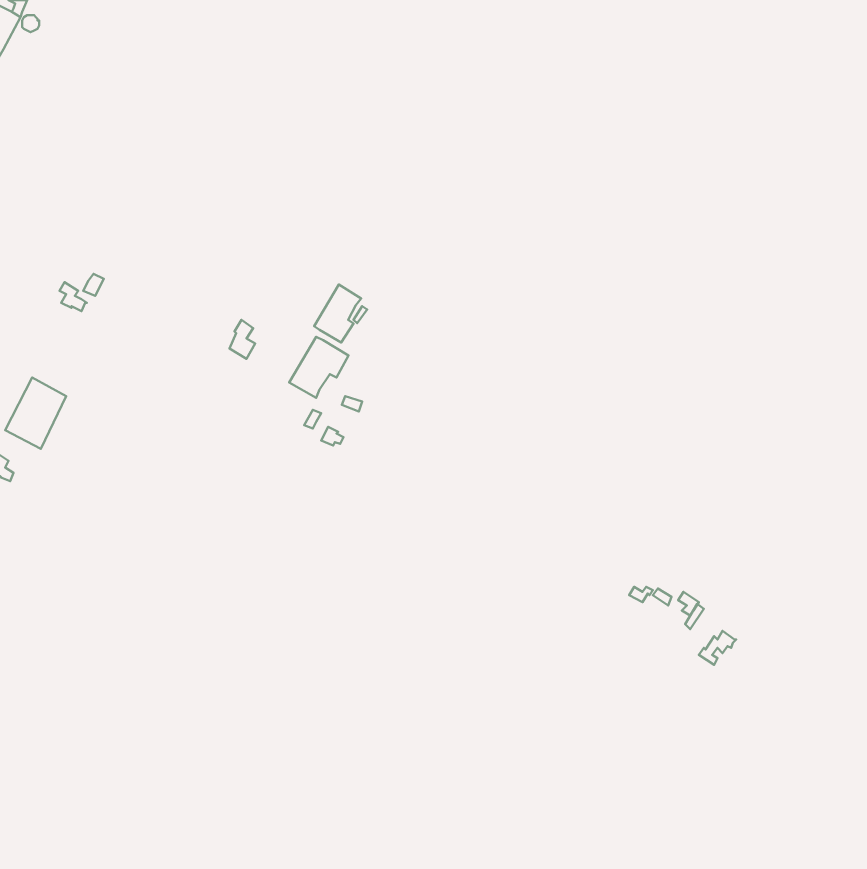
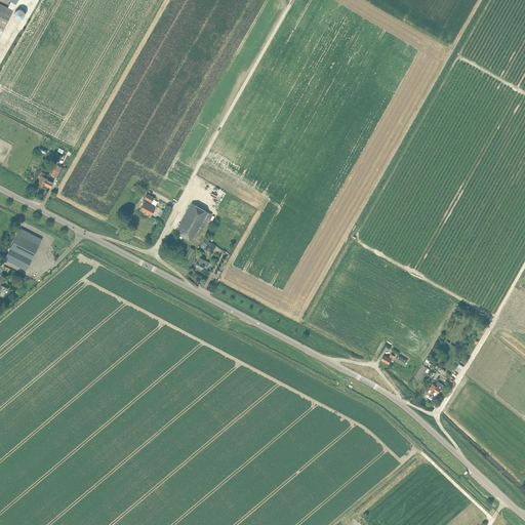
building: [314,285,361,343] -> none

